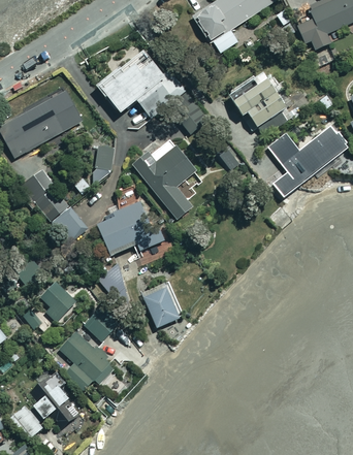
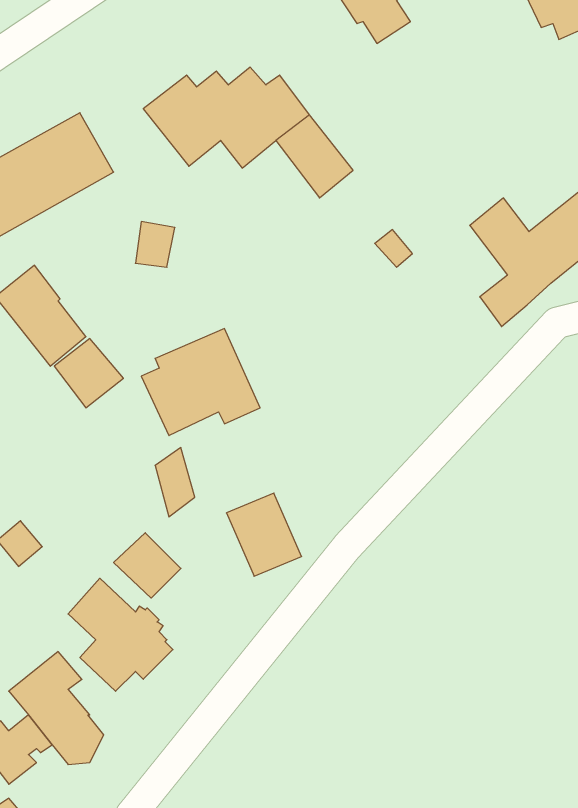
building: [229,76,287,130] -> none
building: [133,139,196,220] -> none
building: [40,280,75,319] -> none

